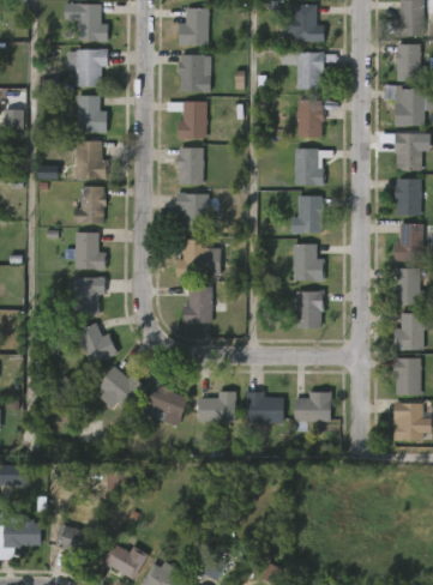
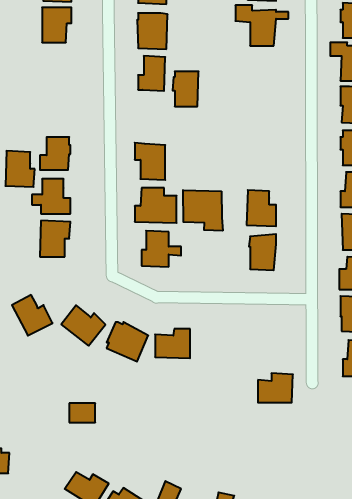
building: [78,95,108,133] -> none
building: [299,99,325,137] -> none
building: [77,140,108,179] -> [5,151,35,187]
building: [175,149,203,186] -> [173,71,199,106]
building: [295,149,333,186] -> none
building: [293,195,325,233] -> none
building: none -> [183,190,223,231]
building: [76,321,119,364] -> [12,295,53,336]
building: [245,391,283,423] -> none
building: [296,391,333,422] -> [258,373,293,403]
building: [53,524,95,556] -> none

